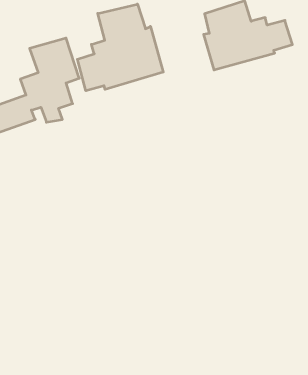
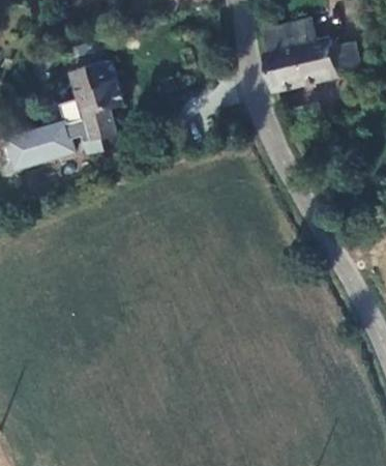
building: [77,4,163,91] -> none

